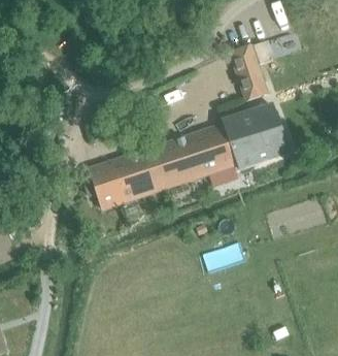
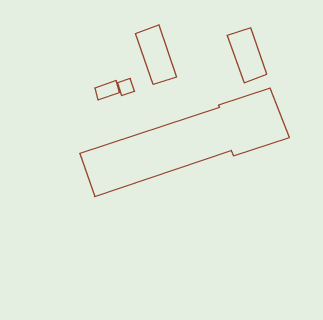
building: none -> [136,25,176,84]

